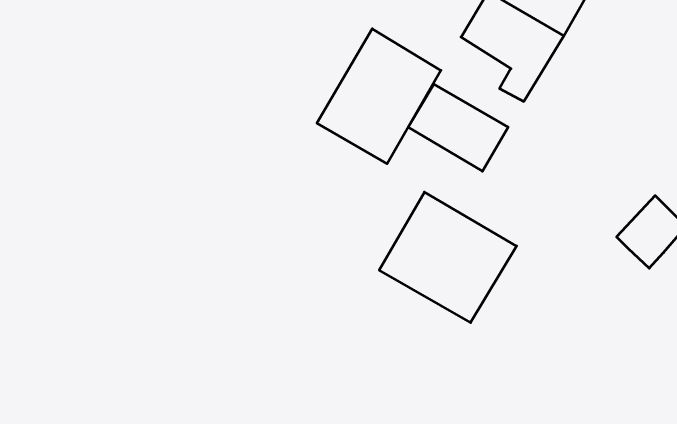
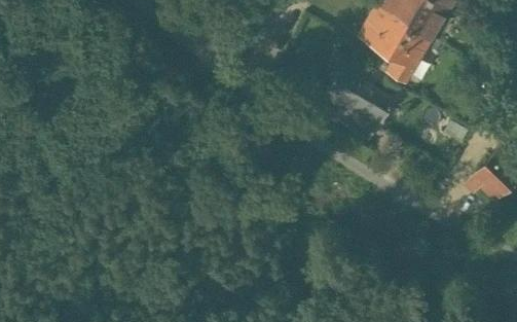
building: [317,29,441,164] -> none
building: [379,192,517,323] -> none

